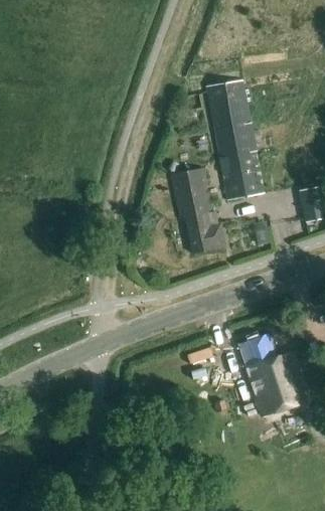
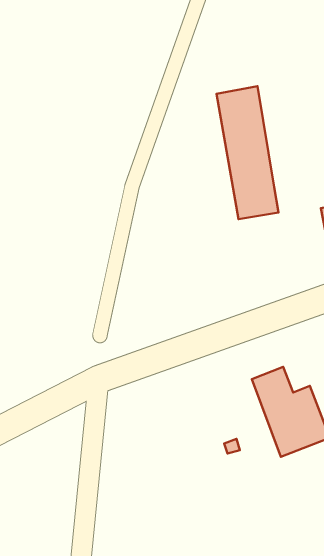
building: [172,170,224,251] -> none

